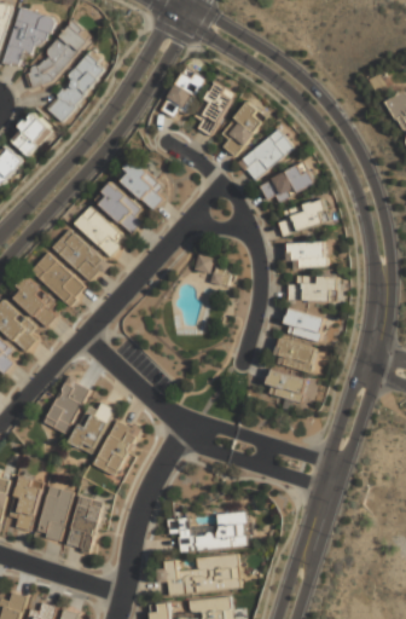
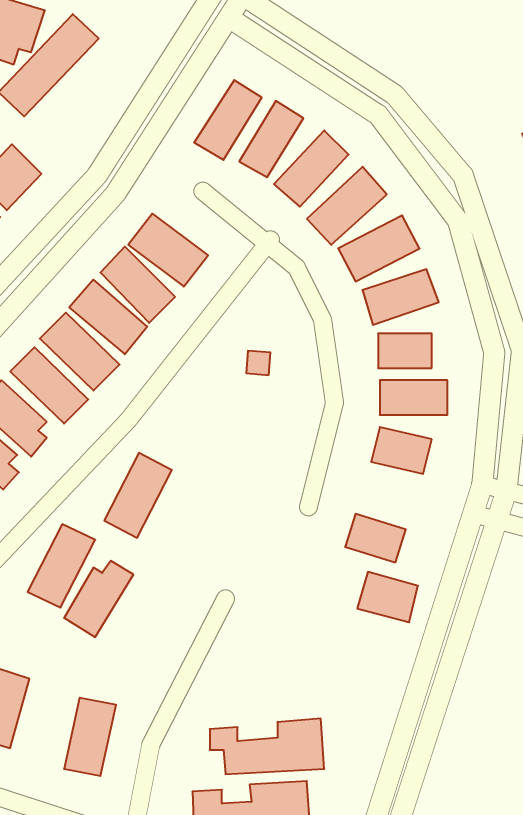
building: [45,52,109,122] -> none
building: [273,339,315,374] -> [357,572,418,622]
building: [94,417,141,476] -> [104,453,172,538]
building: [37,486,72,542] -> none

